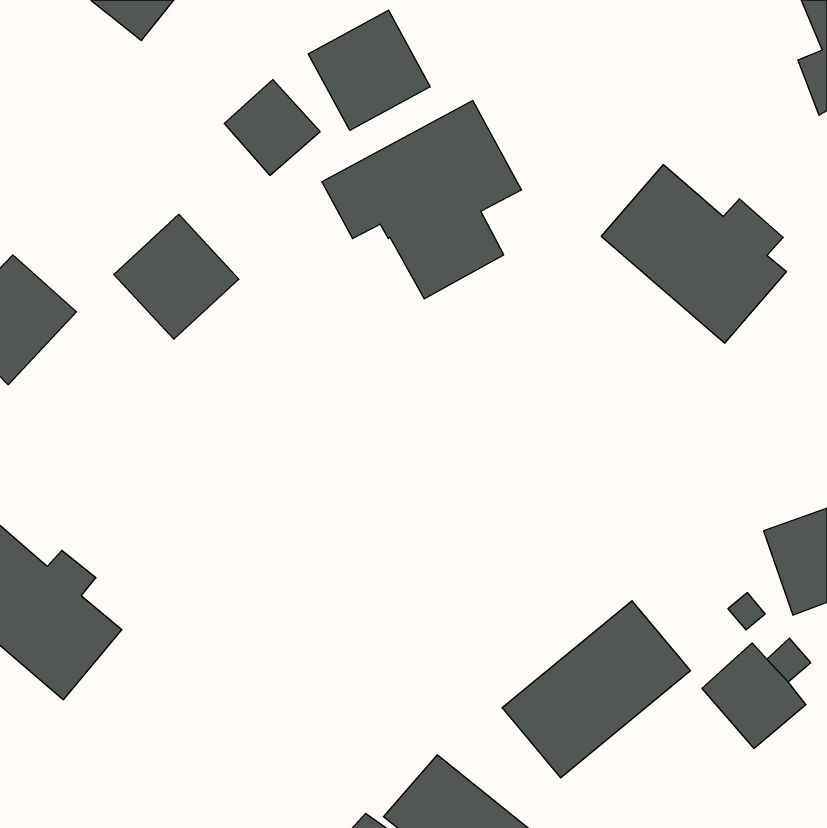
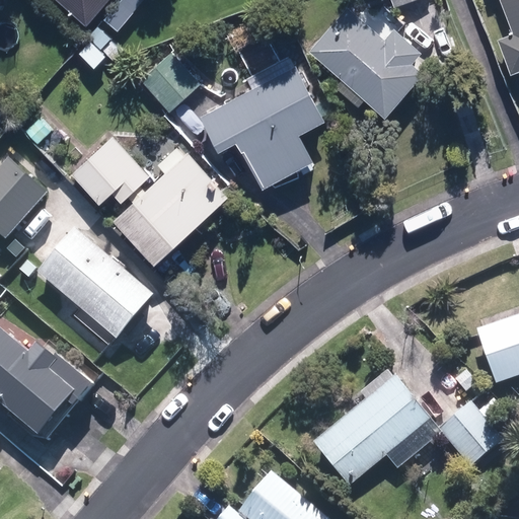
building: [308,10,430,130] -> none
building: [601,165,786,343] -> [308,6,424,118]
building: none -> [117,152,228,262]
building: none -> [39,230,155,342]

